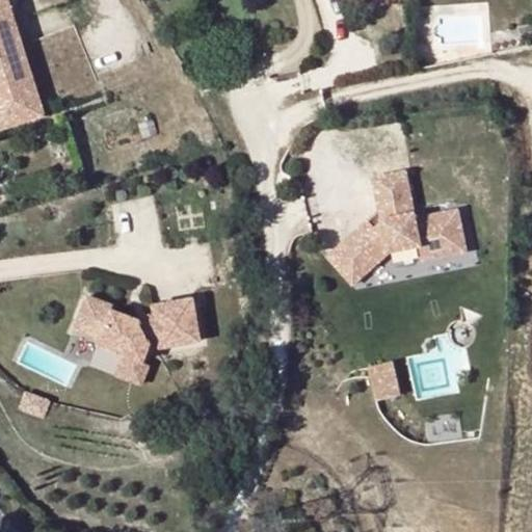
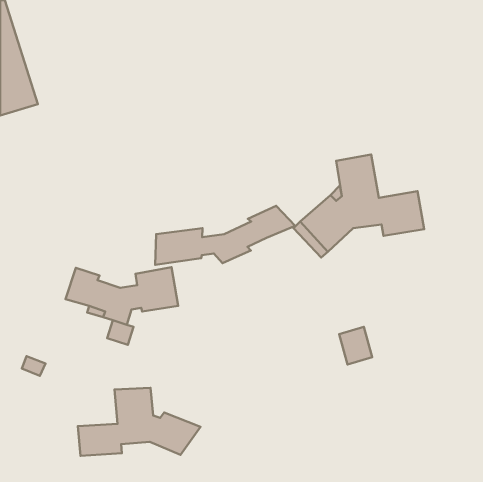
building: none -> [155,206,295,265]
building: none -> [78,388,200,456]

